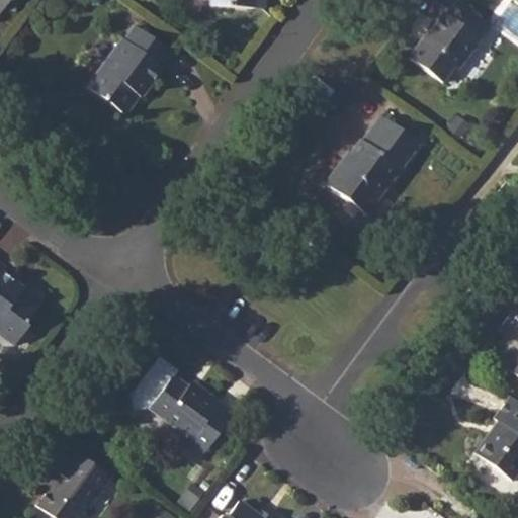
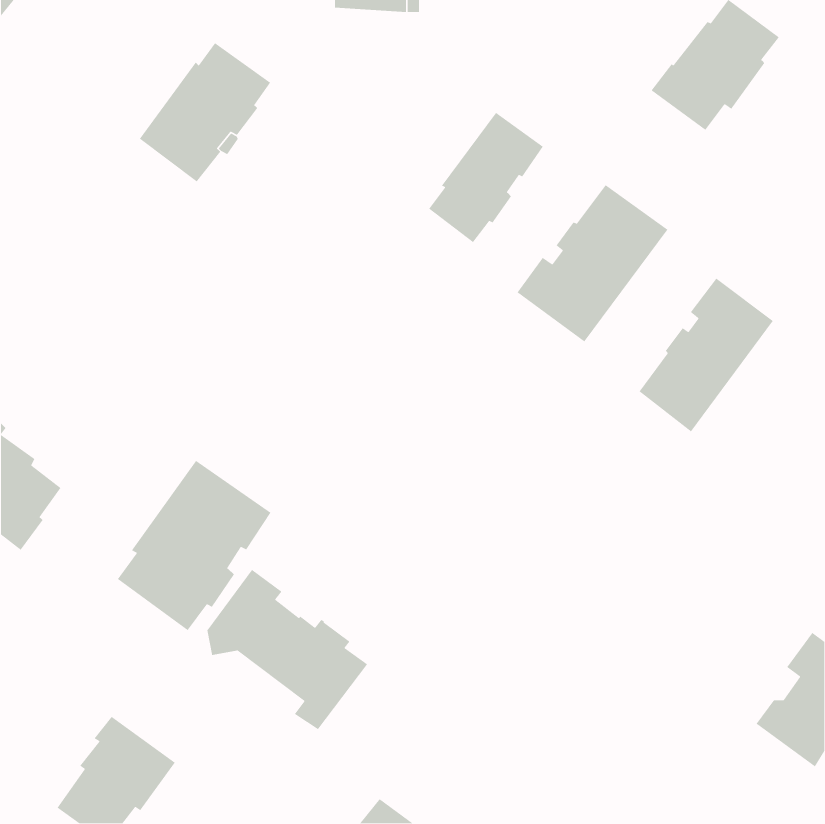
building: none -> [428,112,544,243]
building: none -> [639,278,774,432]
building: none -> [117,460,271,631]

